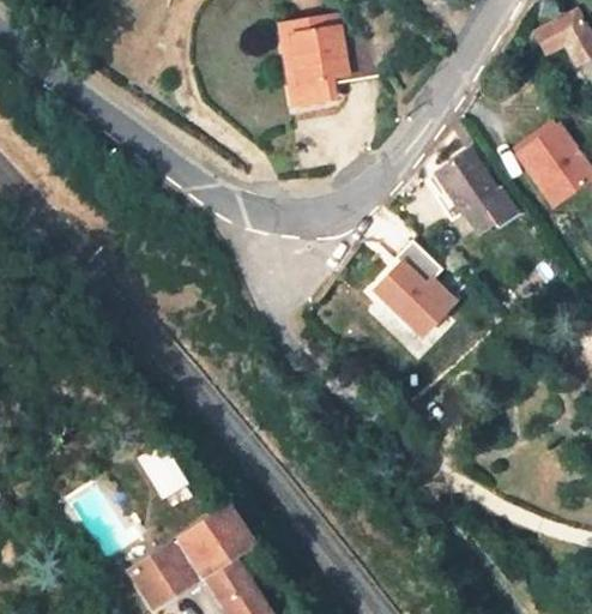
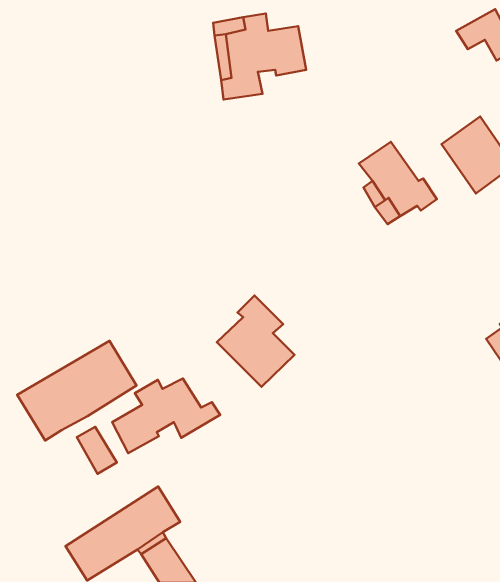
building: [375,239,457,335] -> [217,295,295,387]
building: none -> [17,341,136,441]
building: none -> [112,378,220,453]

